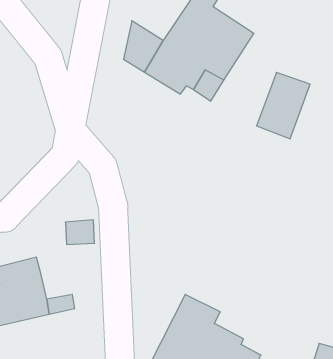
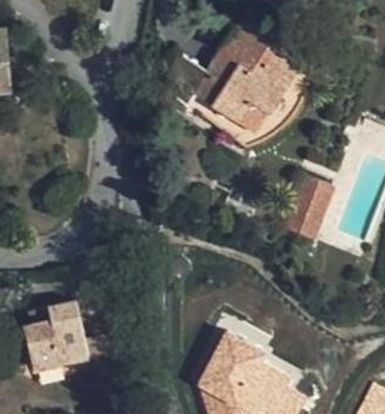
building: [257,72,310,139] -> [279,173,334,242]

